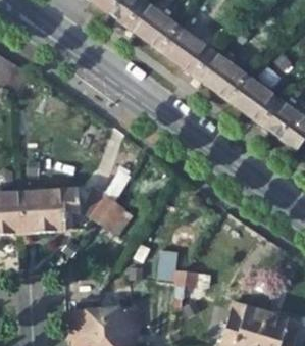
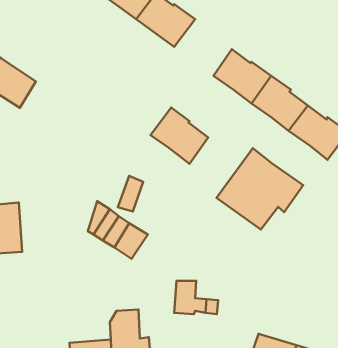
building: [159,26,210,76] -> [150,107,208,164]
building: none -> [217,148,303,230]
building: [21,185,80,232] -> none

